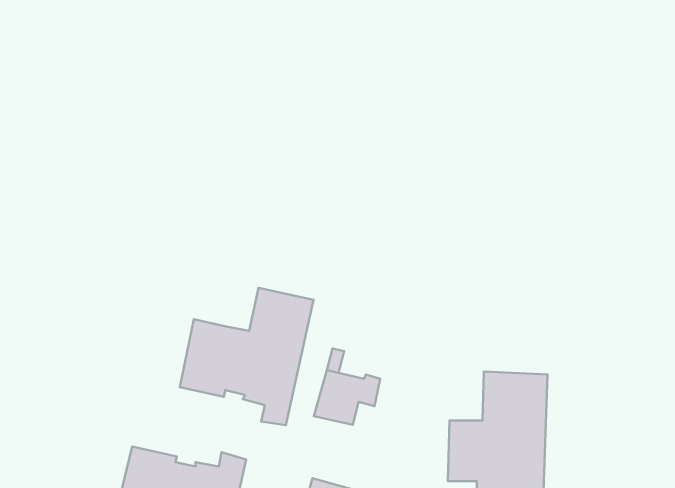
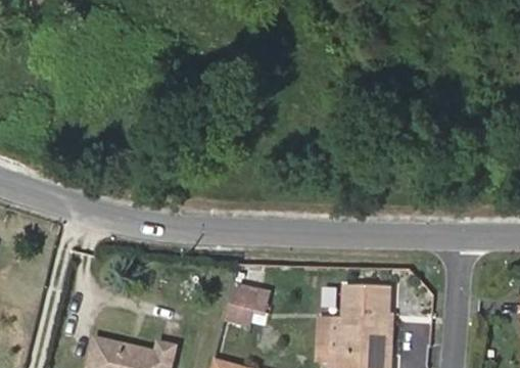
building: [180,288,314,425] -> none

